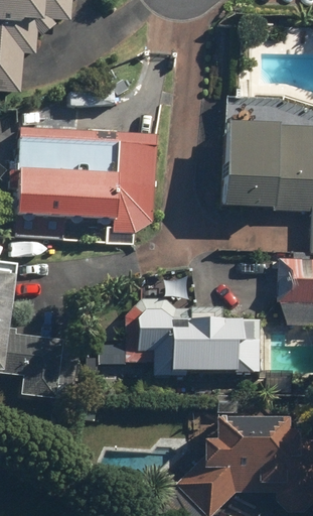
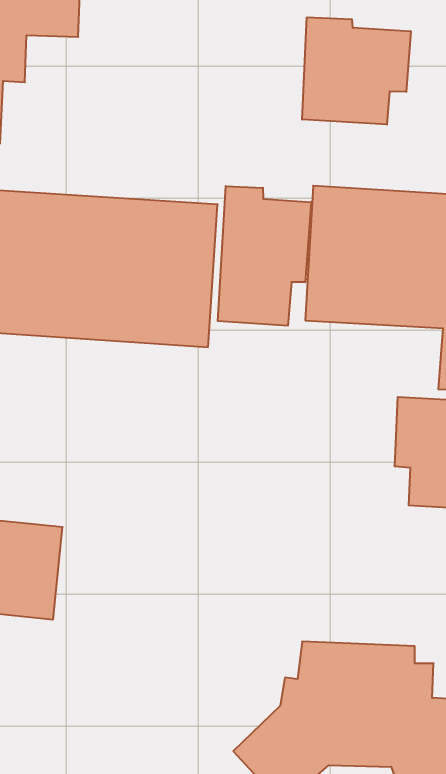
building: none -> [302,17,411,125]
building: none -> [218,186,311,326]
building: [136,296,252,379] -> none

